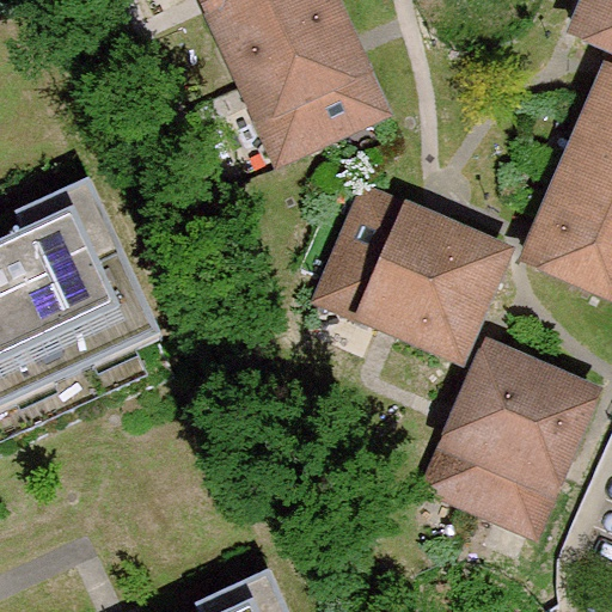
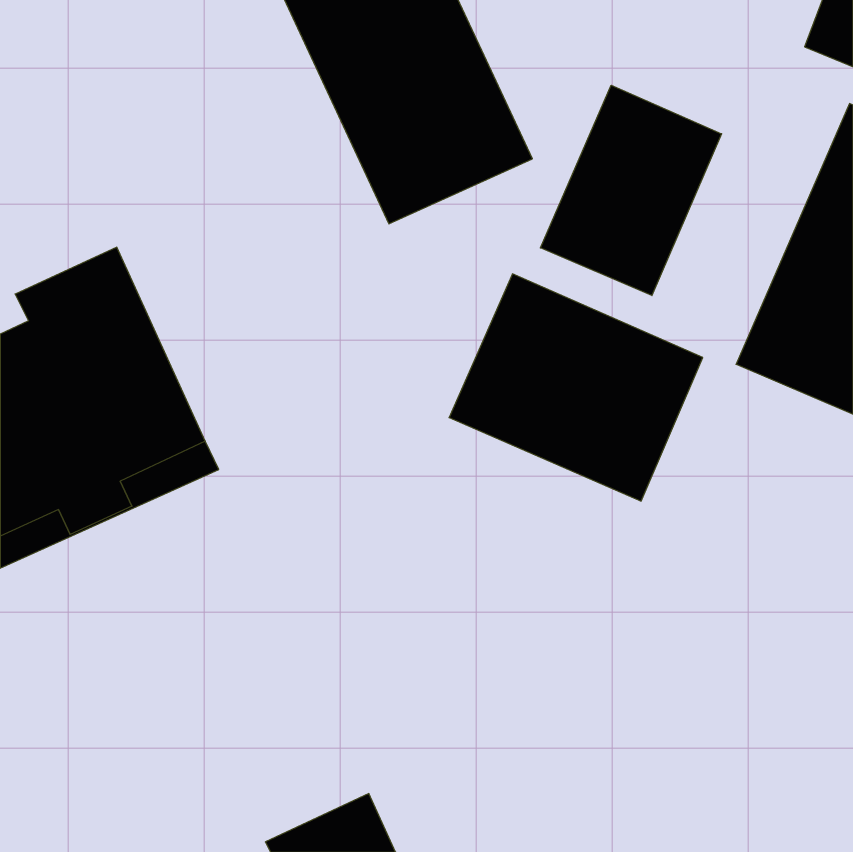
building: none -> [540,85,722,296]
building: [428,350,592,532] -> none

